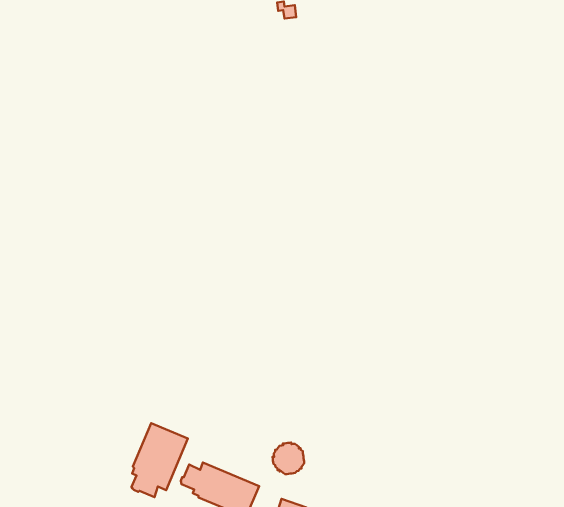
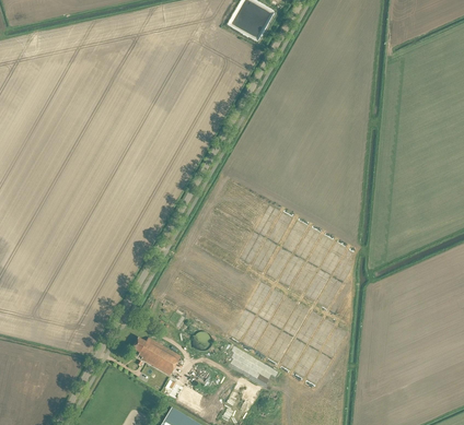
building: [131,423,188,497] -> none

